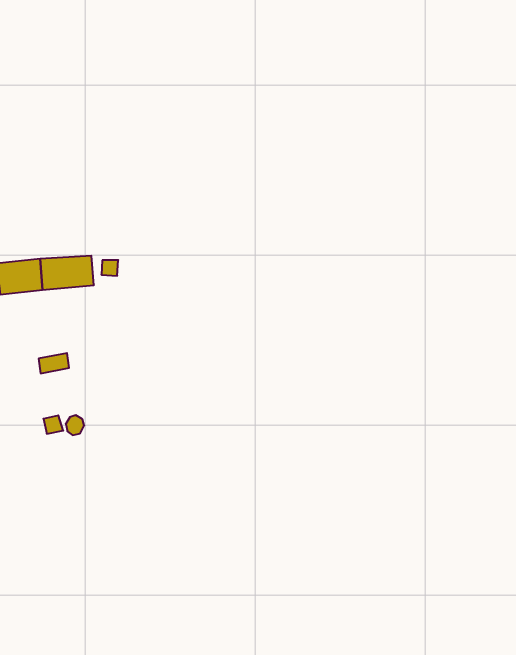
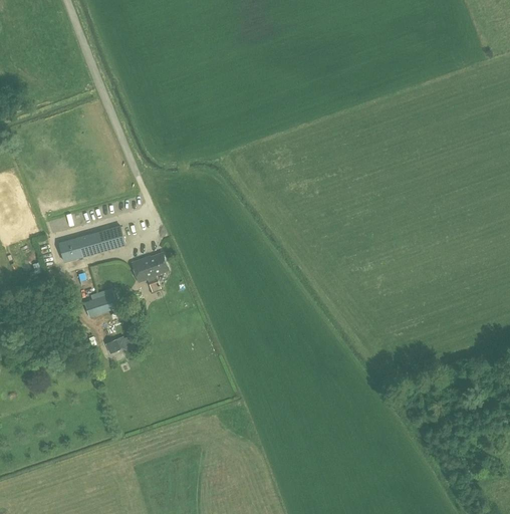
building: none -> [133,256,168,292]

